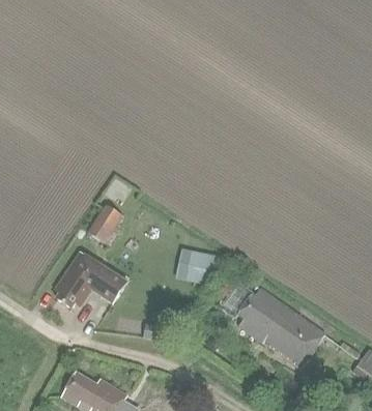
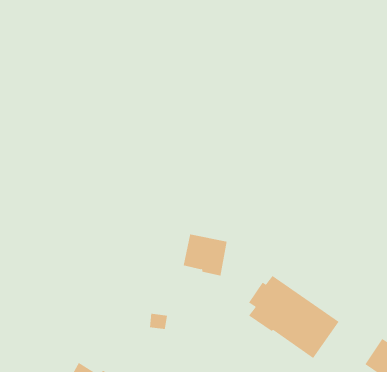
building: [87,204,123,243] -> none
building: [53,249,125,309] -> none

